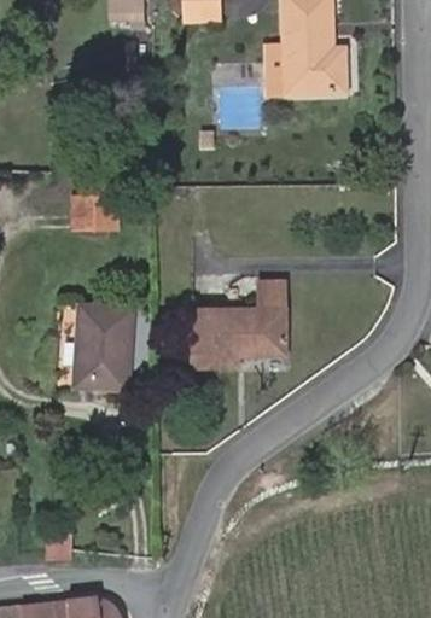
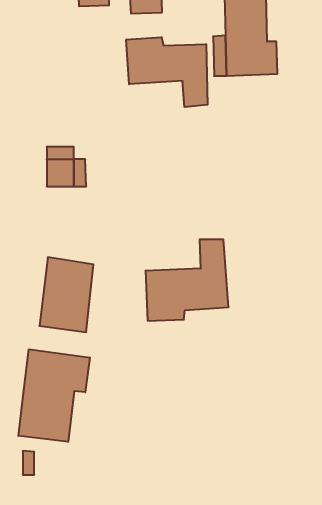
building: none -> [126,37,208,107]
building: none -> [18,349,90,442]

